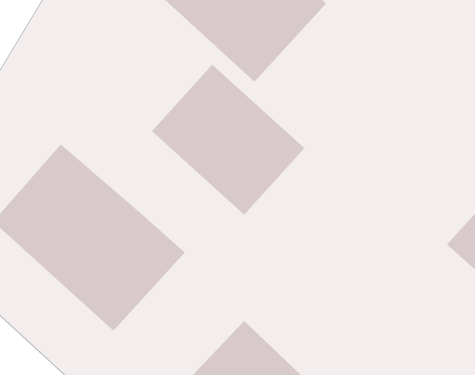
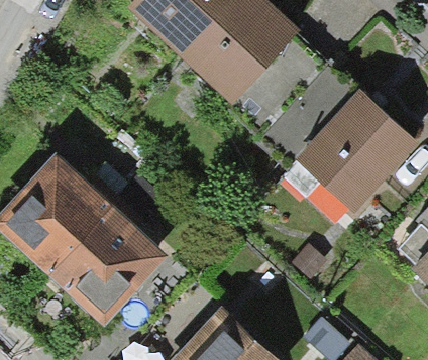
building: [151,64,305,215] -> none
building: none -> [302,99,410,209]

